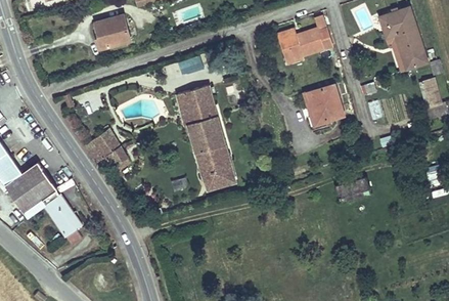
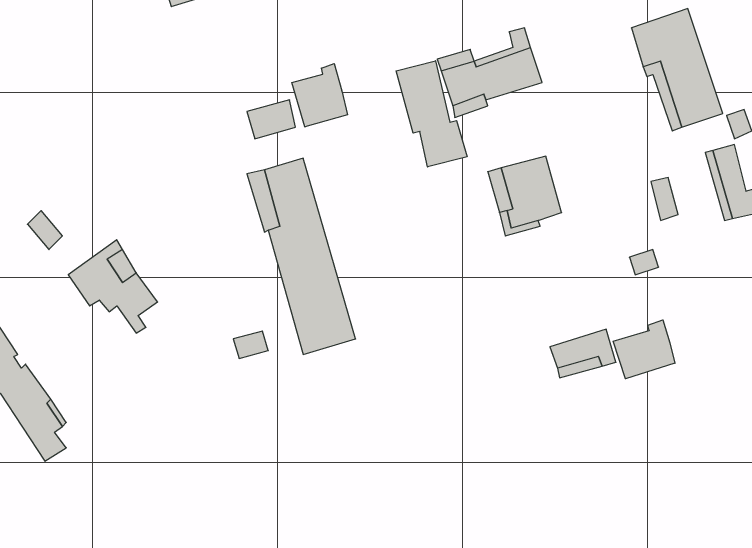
building: [95,15,130,49] -> none
building: none -> [396,61,467,167]
building: none -> [292,64,348,127]
building: none -> [613,320,675,379]

